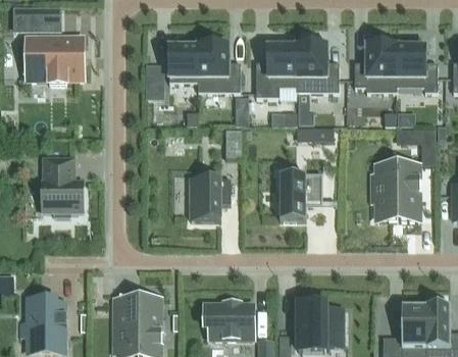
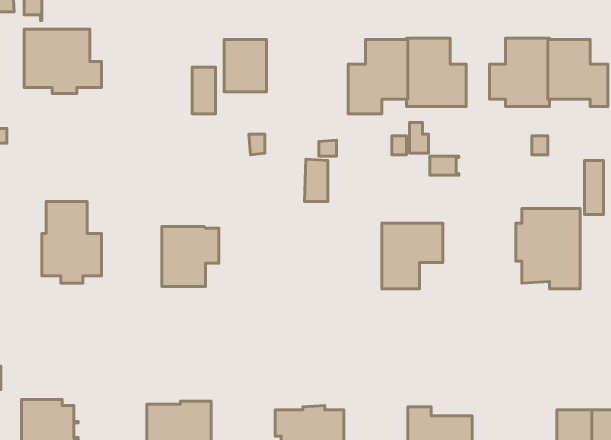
building: [198,44,241,92] -> none
building: [191,177,231,219] -> [162,227,219,286]

